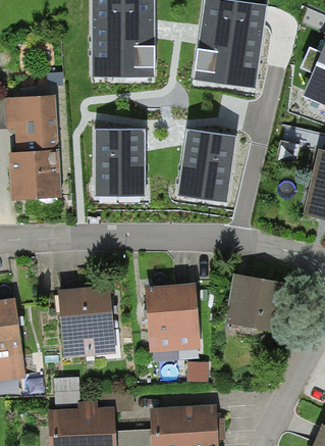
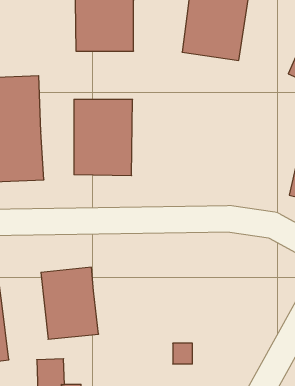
building: [173,125,242,208] -> none
building: [224,275,288,334] -> none
building: [145,285,200,353] -> none

